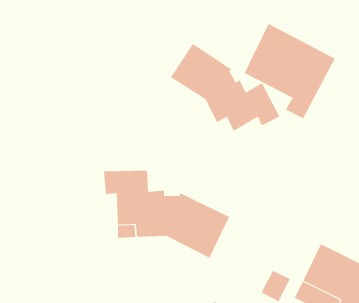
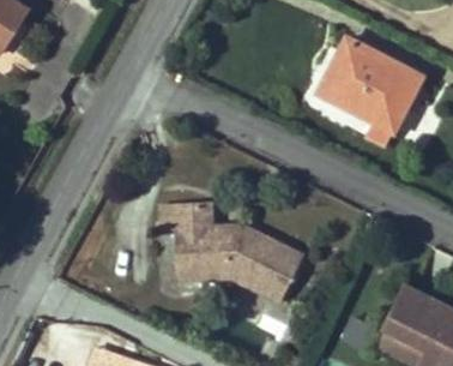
building: [170,43,280,132] -> none

